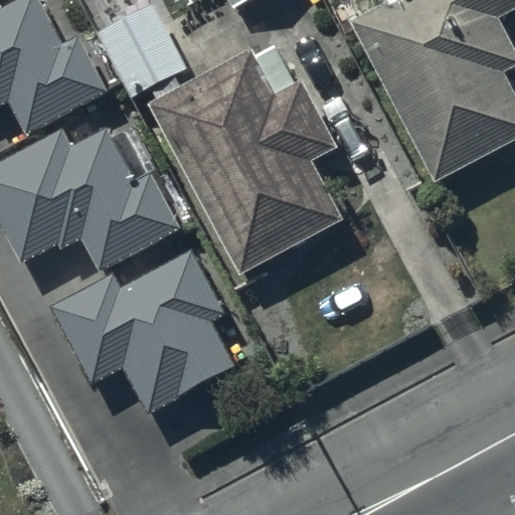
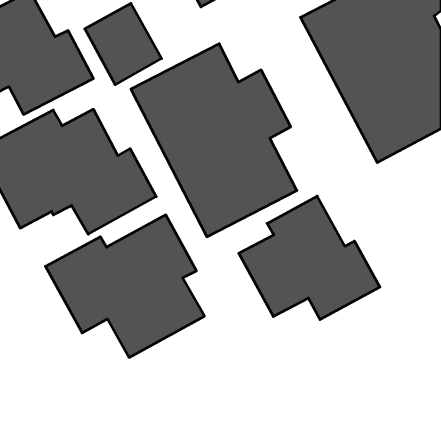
building: none -> [239,196,380,320]

